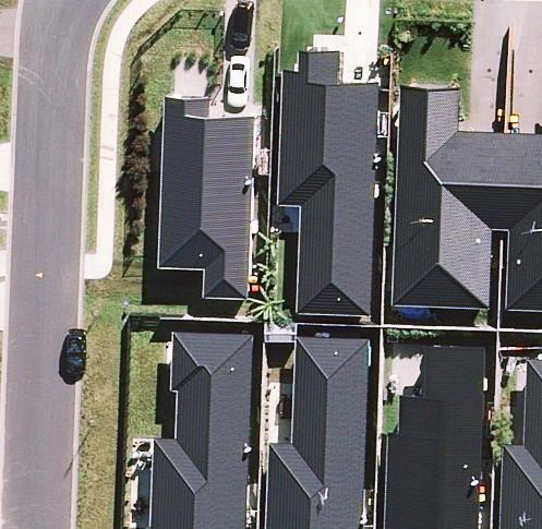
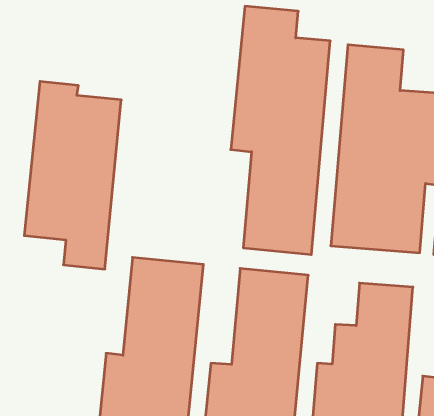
building: [158,99,256,301] -> [24,81,121,269]

